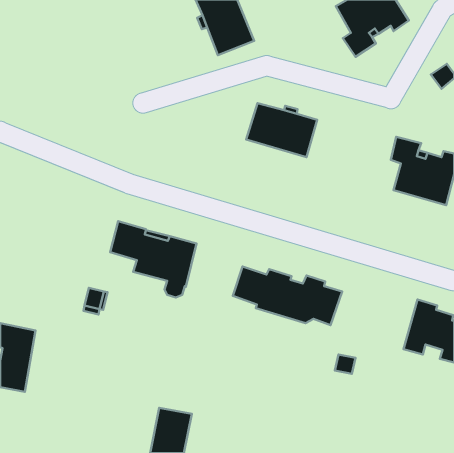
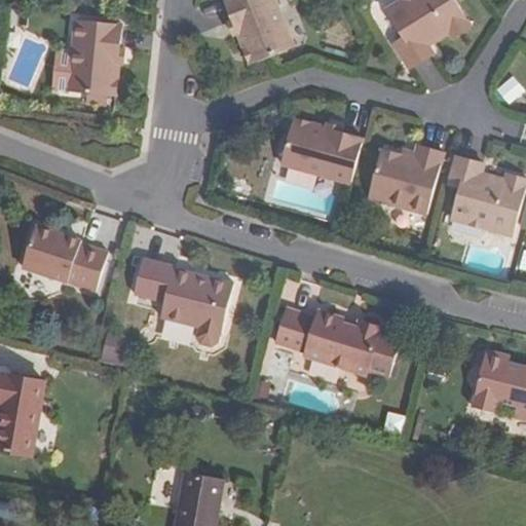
building: none -> [60,17,127,95]
building: none -> [374,147,446,212]
building: none -> [16,225,103,290]

